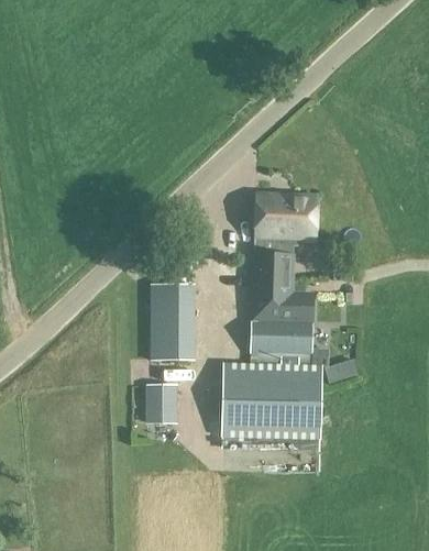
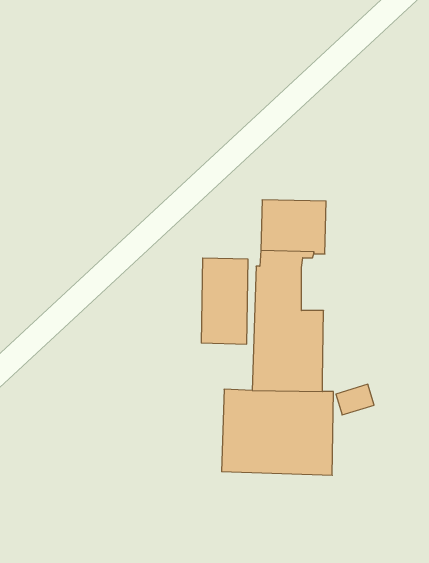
building: [151,284,193,361] -> [201,258,248,344]
building: [147,383,178,421] -> none

